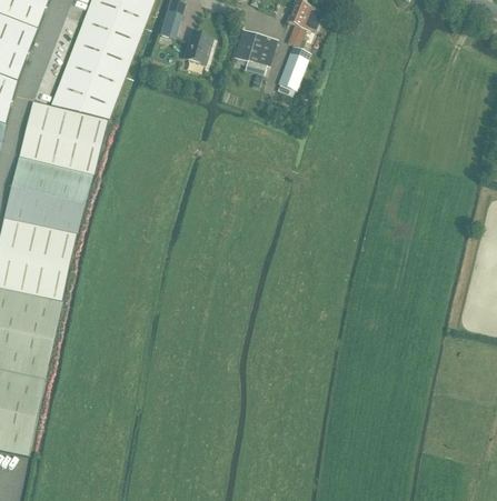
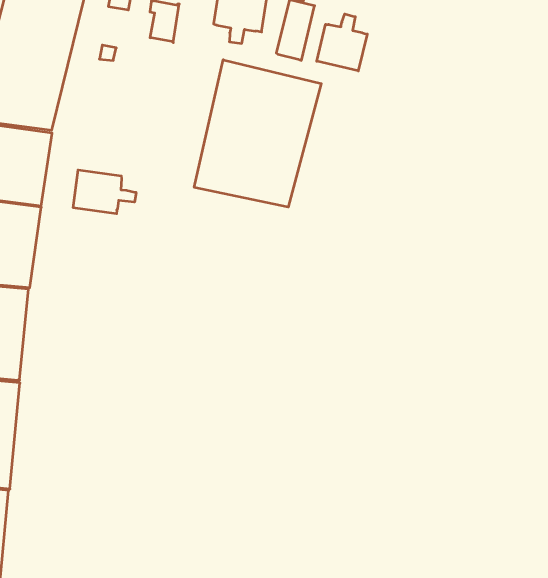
building: none -> [317,14,367,71]
building: none -> [194,60,321,207]
building: none -> [73,170,136,214]

